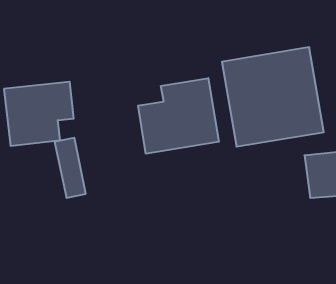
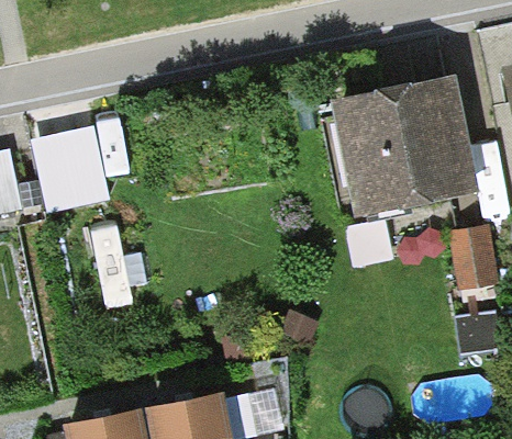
building: [138,78,219,154] -> none

